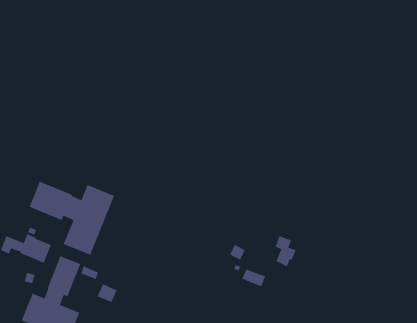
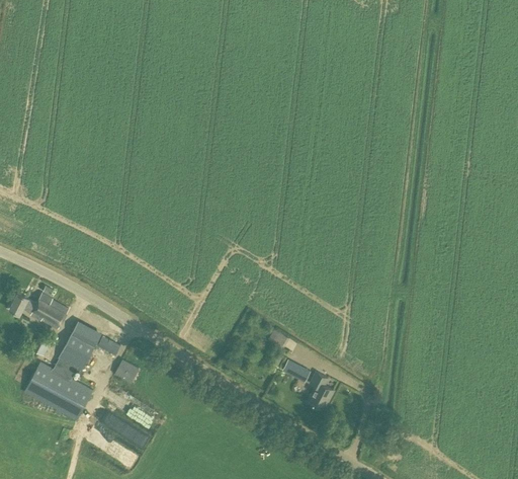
building: [29,181,115,256] -> none
building: [275,235,296,267] -> [308,372,333,409]

